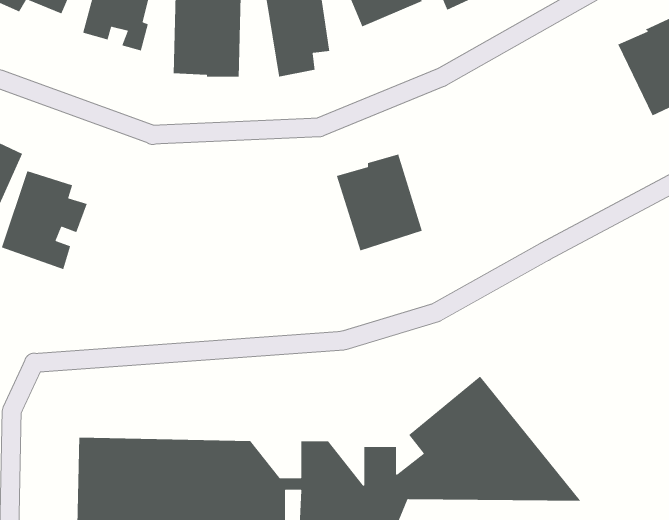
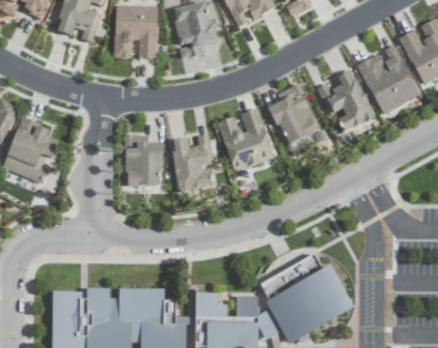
building: none -> [357,45,419,114]
building: none -> [319,69,374,131]
building: none -> [269,83,319,144]
building: none -> [170,133,212,191]
building: none -> [124,135,162,186]

